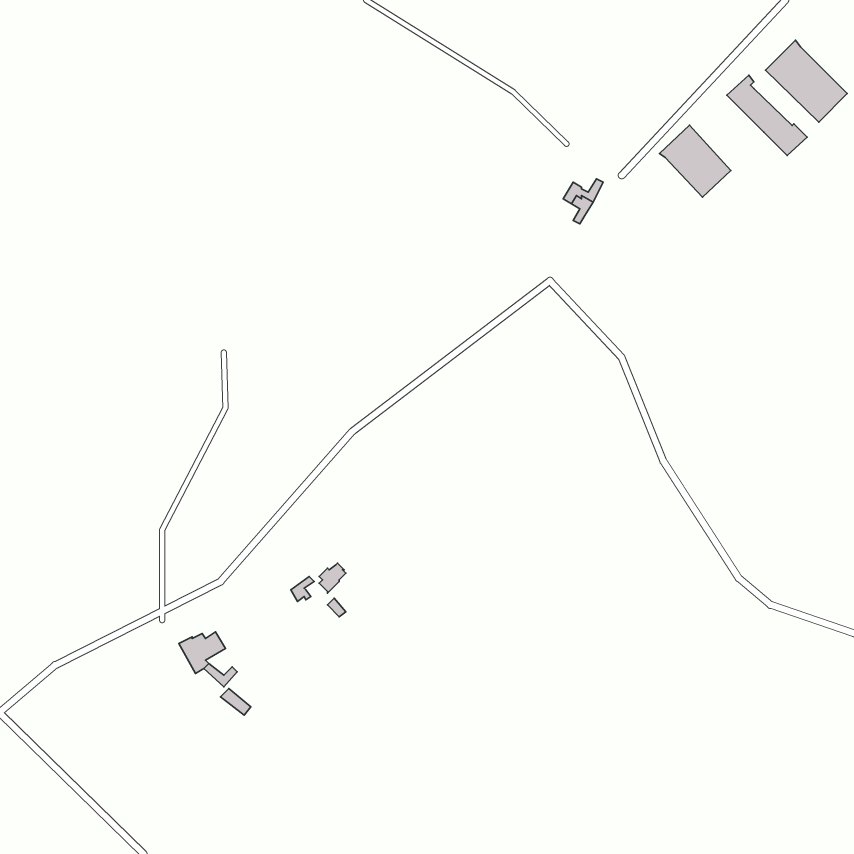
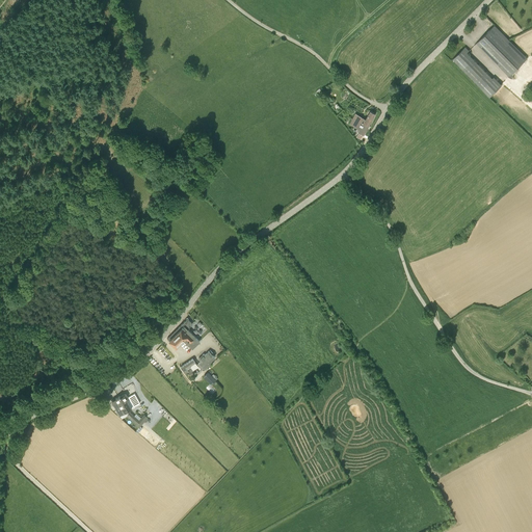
building: [660,125,731,197] -> none
building: none -> [167,318,200,348]

